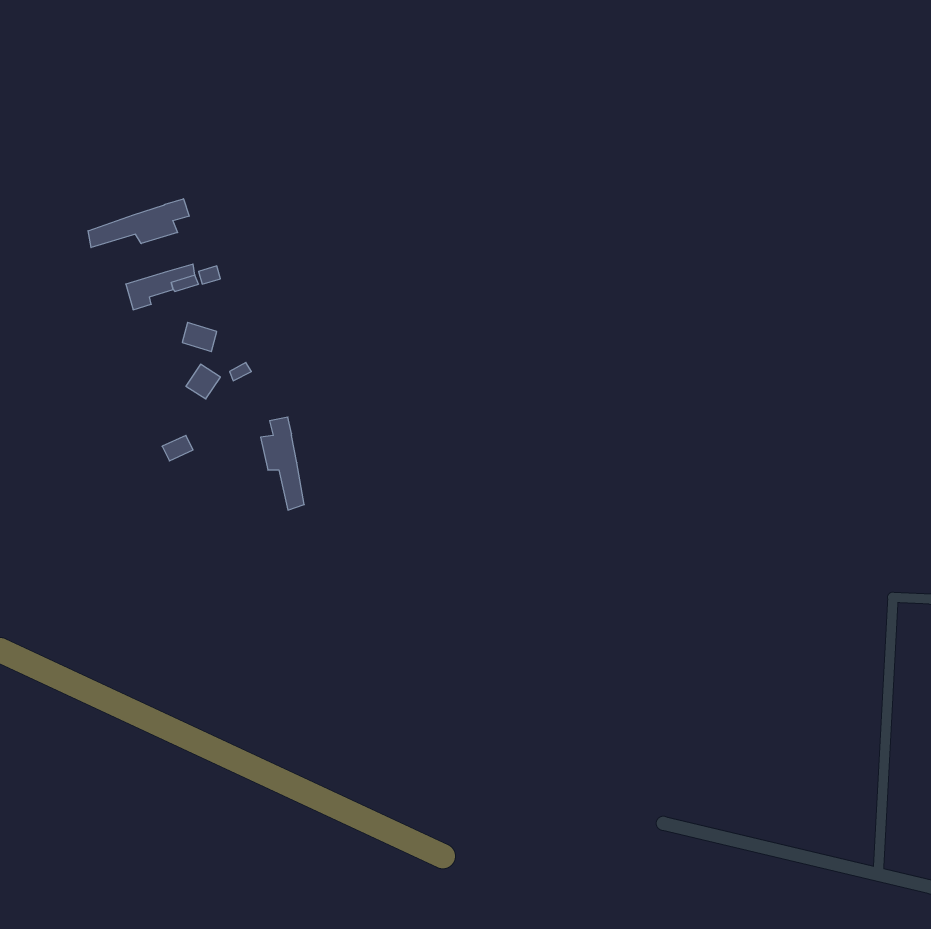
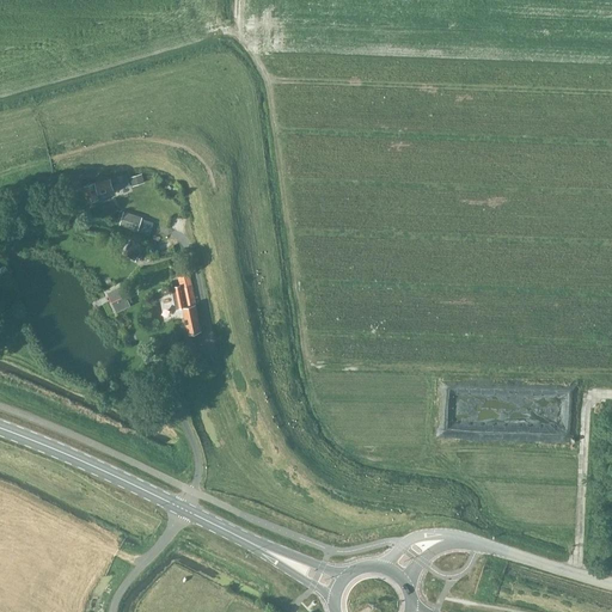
building: [88,199,189,248] -> none

